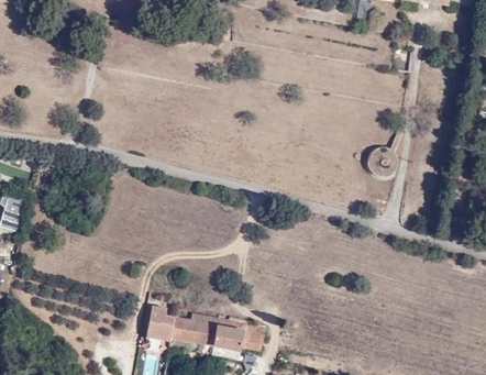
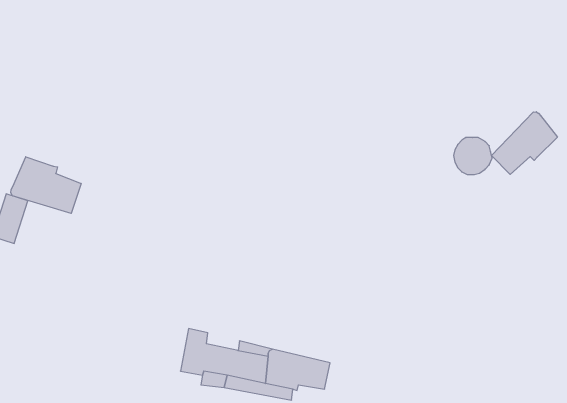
building: none -> [492,112,557,174]
building: none -> [11,157,81,213]

